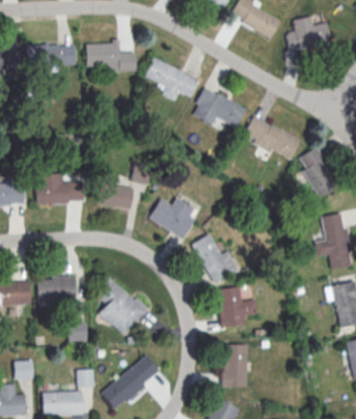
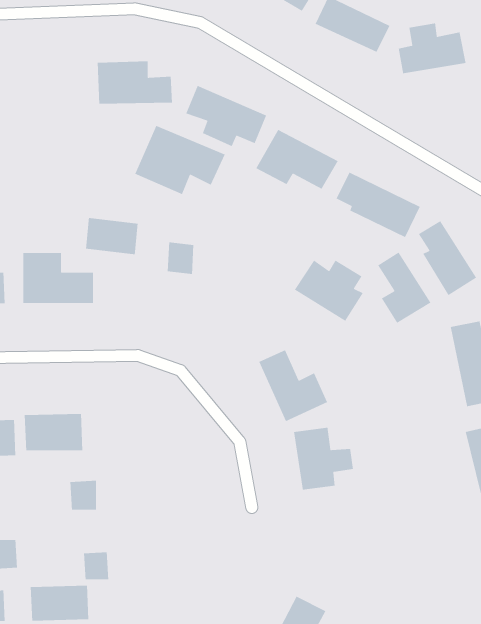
building: [27,45,76,67] -> none
building: none -> [134,125,226,195]
building: none -> [377,251,431,324]
building: [98,183,134,208] -> [85,217,138,255]
building: [149,197,195,239] -> [294,260,364,322]
building: [95,275,148,336] -> none
building: [222,344,247,389] -> none
building: [101,354,161,409] -> none

